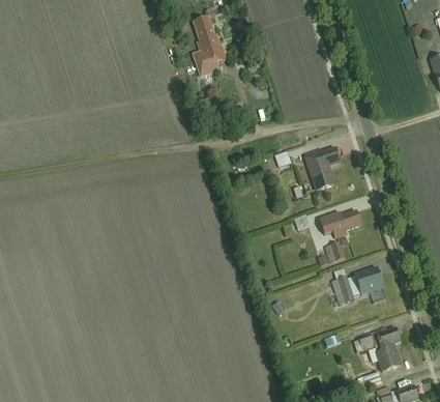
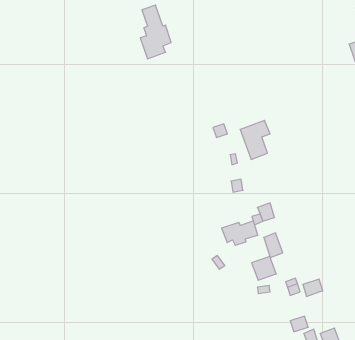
building: [320,209,361,237] -> [222,221,258,245]
building: [356,267,384,294] -> [252,257,276,280]
building: [376,343,403,371] -> none

